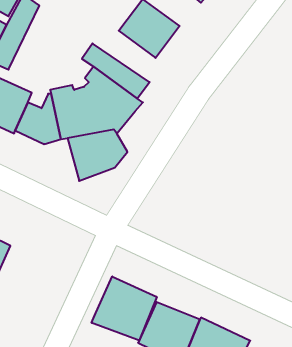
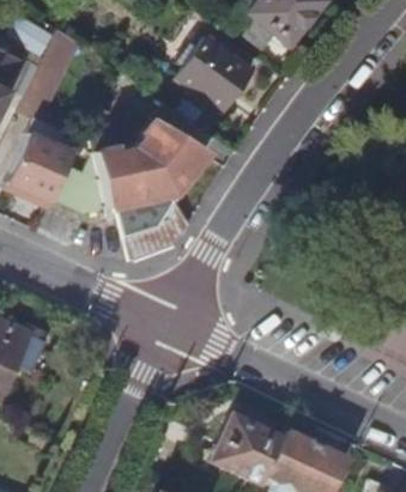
building: [92,276,157,341] -> none

